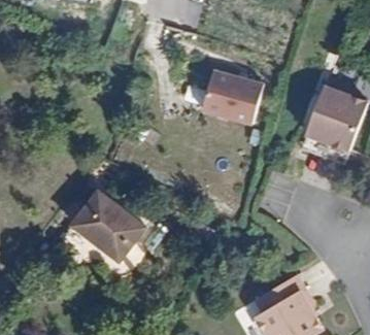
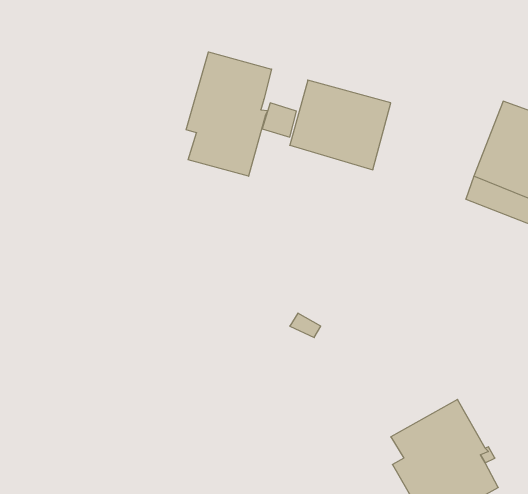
building: none -> [186,52,272,176]
building: [75,202,149,273] -> none

